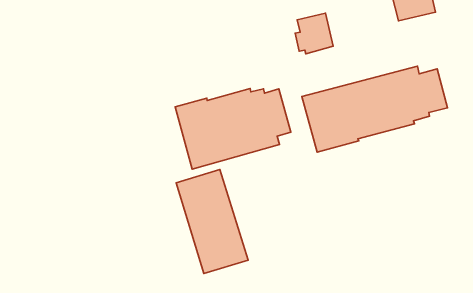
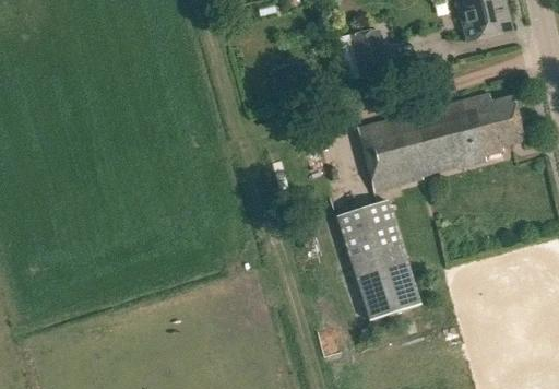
building: [175,89,291,169] -> none
building: [176,169,248,273] -> [337,201,420,321]

